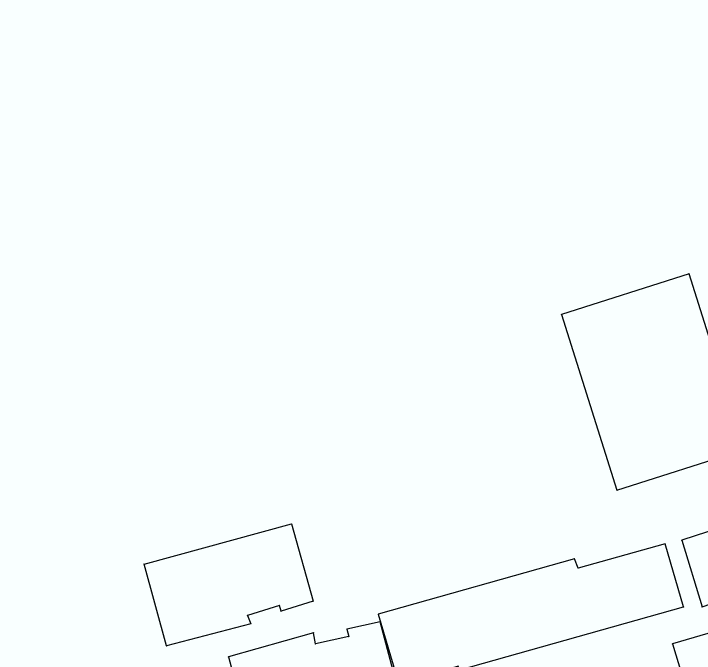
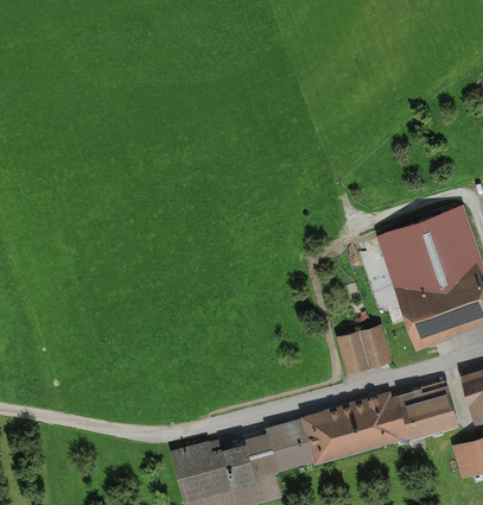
building: none -> [338,324,393,373]
building: [144,524,313,646] -> none

